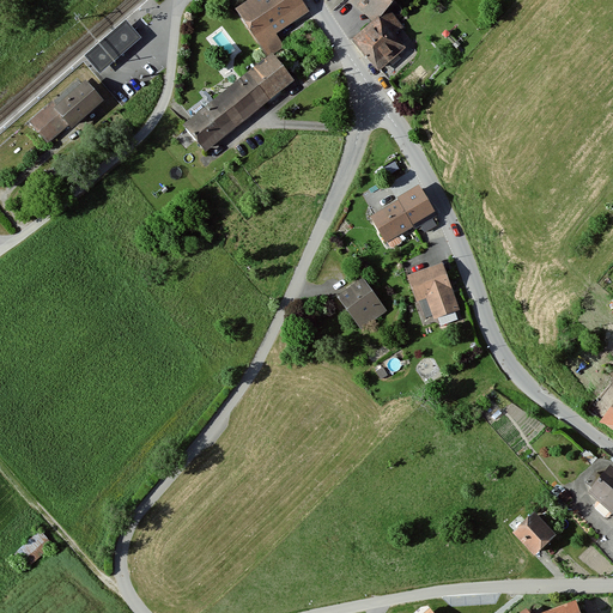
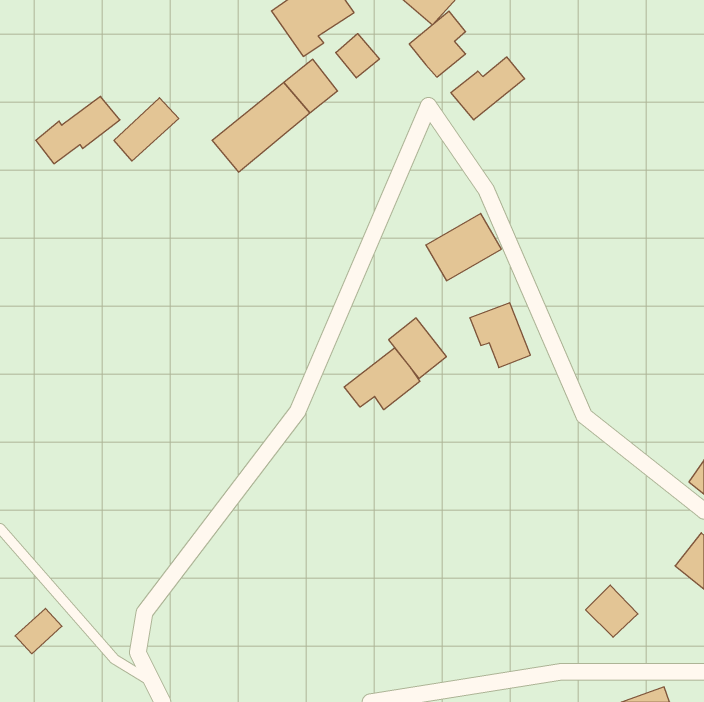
building: [87,16,144,71] -> [114,98,179,161]
building: none -> [336,34,379,78]
building: none -> [451,57,525,120]
building: none -> [344,348,420,410]

